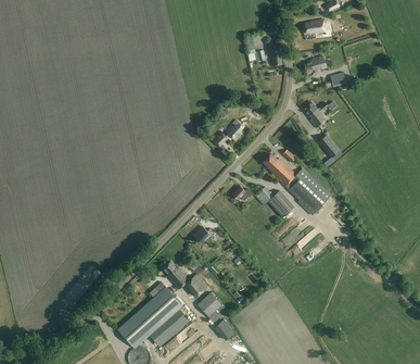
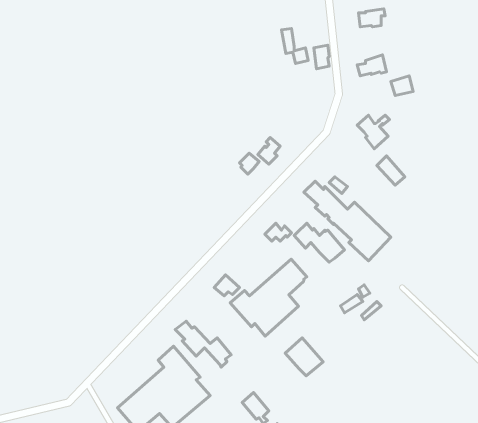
building: none -> [230,259,307,336]
building: [198,292,227,322] -> [285,338,323,376]

